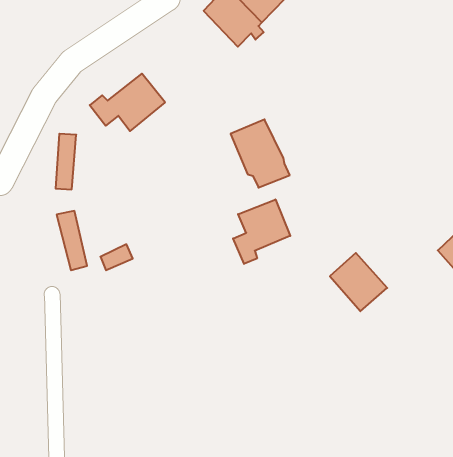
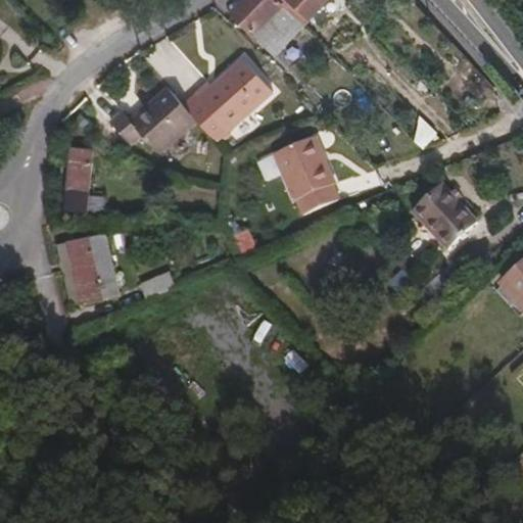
building: none -> [189,52,264,123]
building: [233,199,290,264] -> none
building: [330,253,387,311] -> [417,188,482,254]

